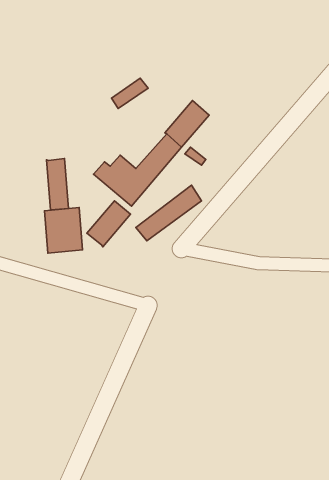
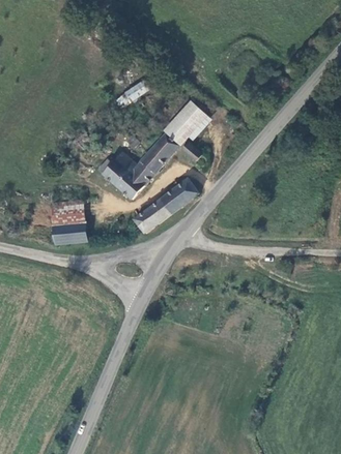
building: [47,158,69,210] -> none
building: [87,201,131,247] -> none

